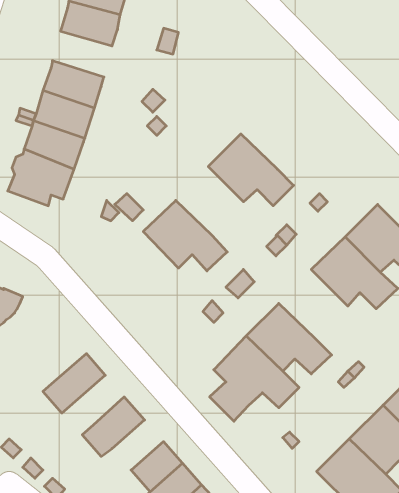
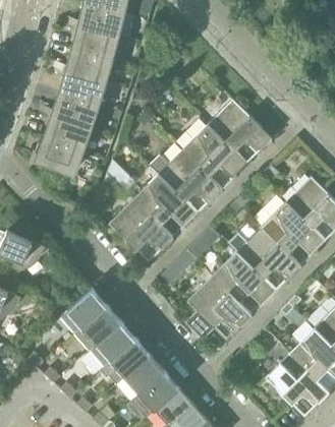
building: none -> [67,47,112,81]
building: none -> [209,99,272,152]
building: none -> [151,148,223,202]
building: none -> [110,197,174,252]
building: none -> [229,226,301,281]
building: none -> [74,305,121,350]
building: none -> [101,339,151,383]

